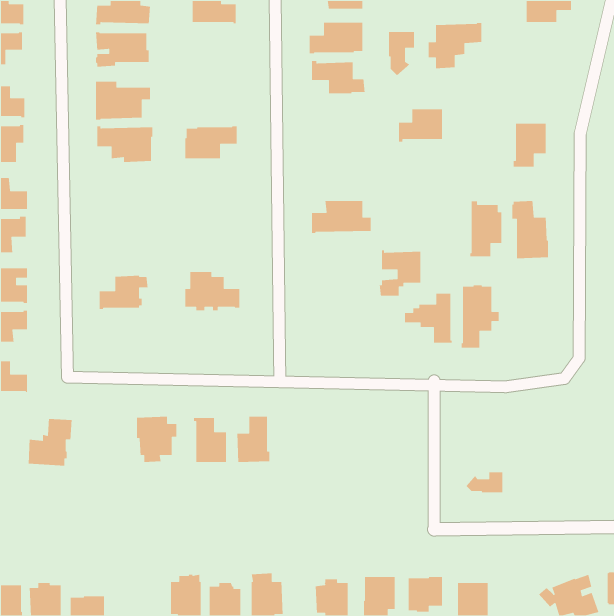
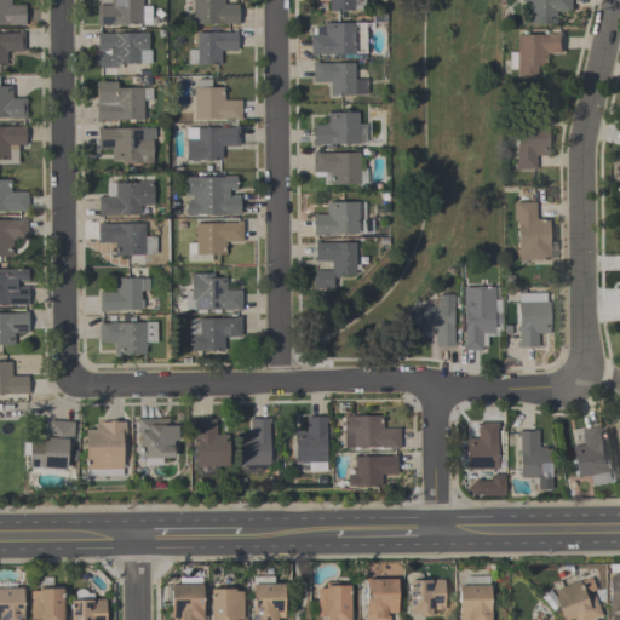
building: [428,22,482,69] -> [512,31,567,79]
building: none -> [190,30,239,64]
building: [388,31,415,76] -> none
building: none -> [196,79,242,120]
building: [398,109,443,142] -> [315,111,360,145]
building: none -> [315,151,362,184]
building: none -> [188,177,242,214]
building: none -> [101,180,155,216]
building: [470,201,502,257] -> [519,289,552,346]
building: none -> [190,220,245,254]
building: none -> [99,222,159,254]
building: [379,250,421,297] -> [315,240,357,287]
building: none -> [191,316,243,350]
building: none -> [101,321,159,356]
building: none -> [297,415,329,471]
building: none -> [345,415,402,448]
building: none -> [87,420,127,475]
building: none -> [469,421,501,469]
building: none -> [574,425,612,484]
building: none -> [519,430,553,488]
building: none -> [349,454,400,487]

